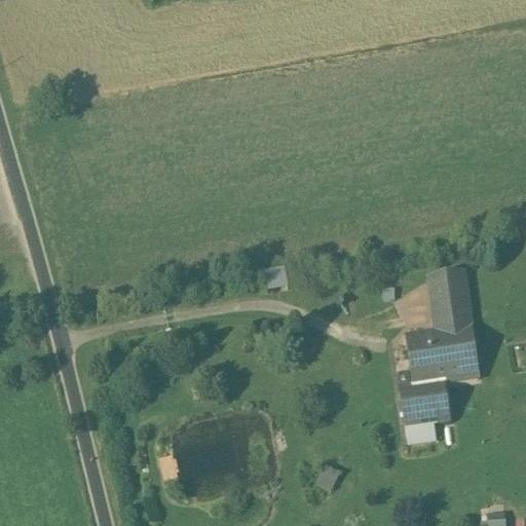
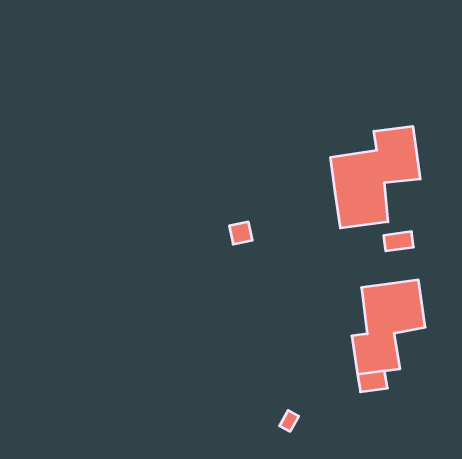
building: none -> [331,126,420,228]
building: [435,289,469,328] -> none

